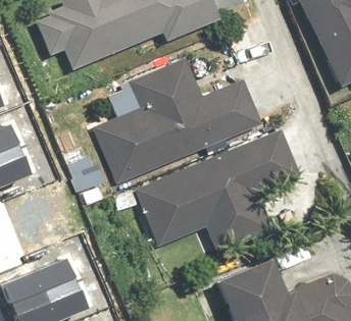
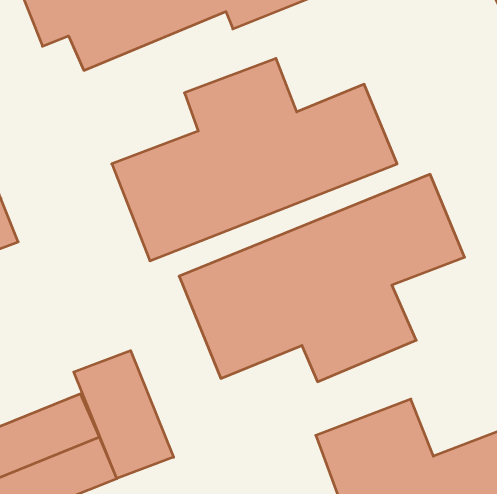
building: none -> [74,351,174,479]

